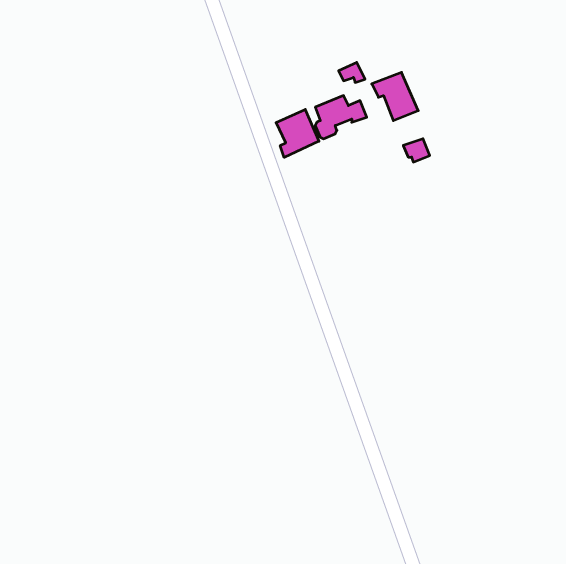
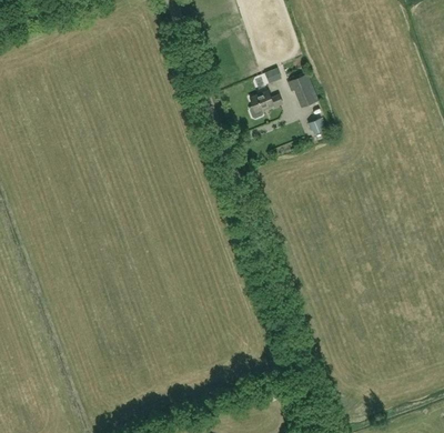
building: [276,109,319,157] -> none

